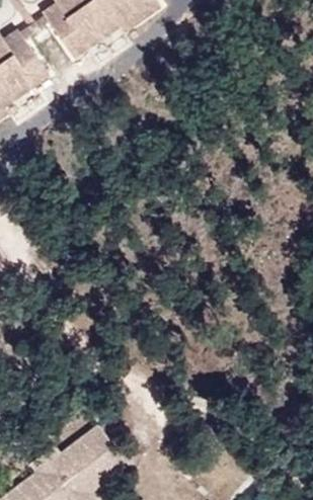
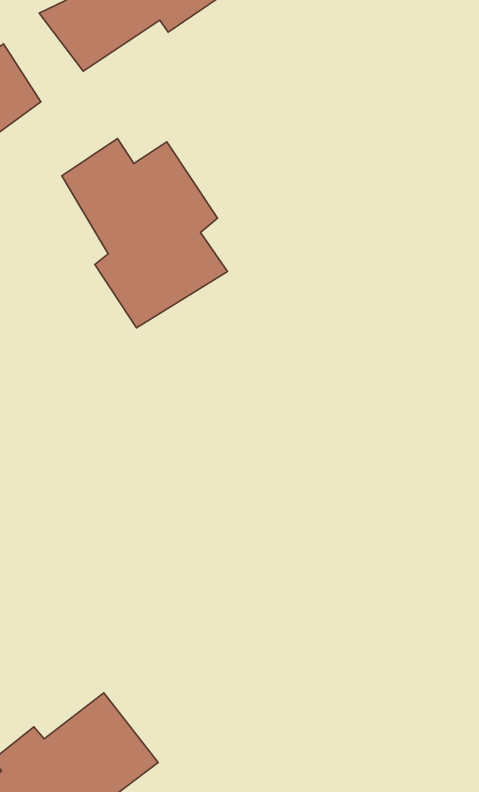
building: none -> [62,138,227,328]

